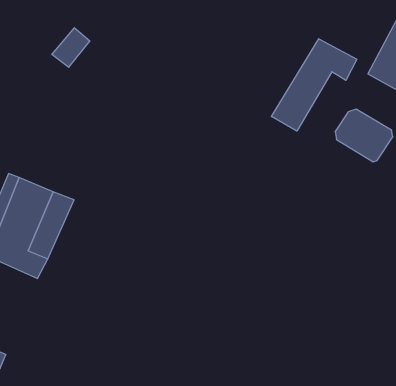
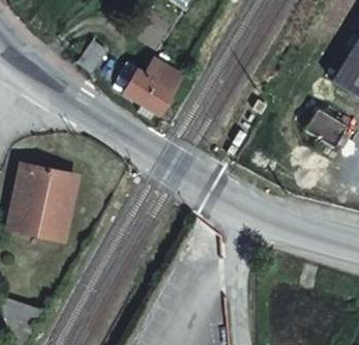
building: [271,39,357,131] -> none
building: none -> [124,60,180,118]

